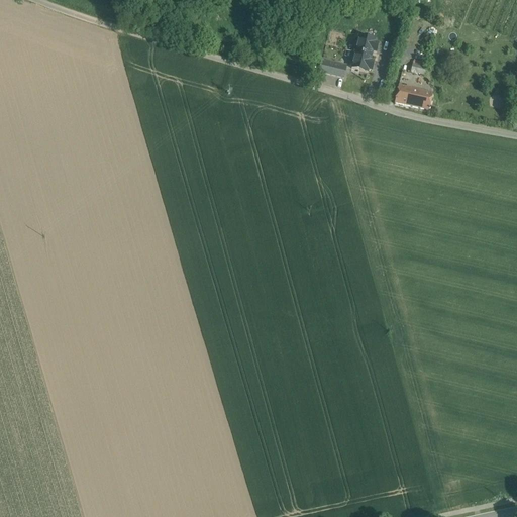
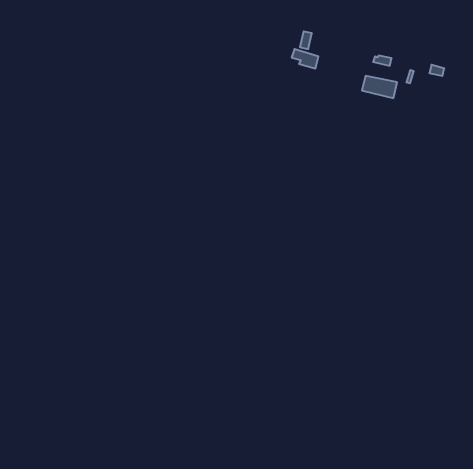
building: [352,33,375,68] -> none

